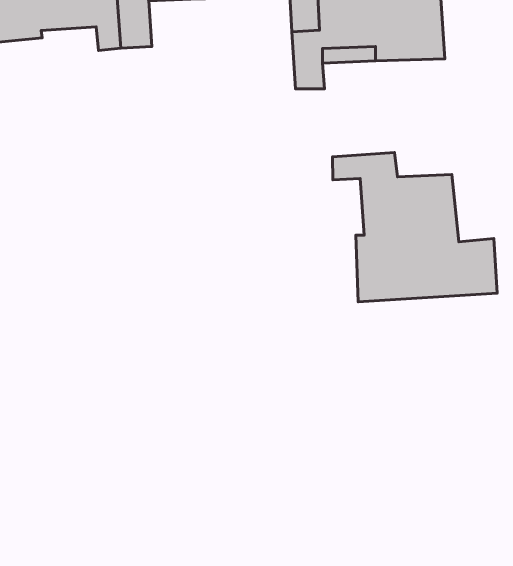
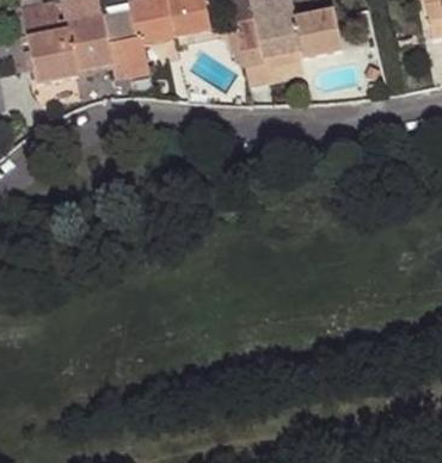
building: [333,153,497,302] -> none

